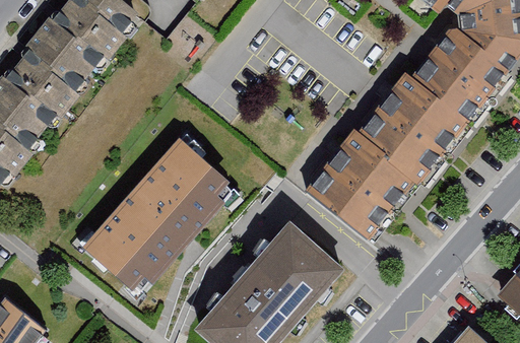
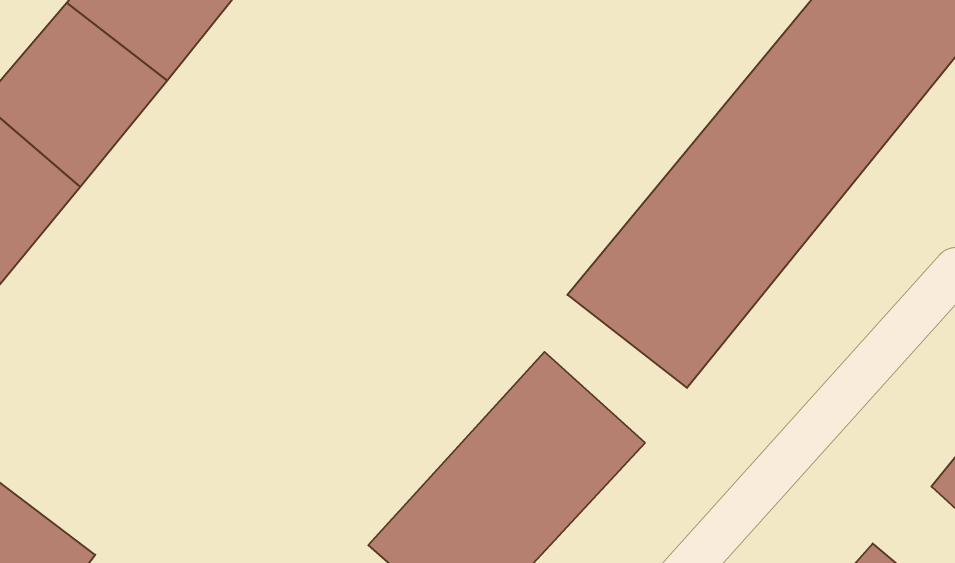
building: [75,128,231,290] -> none

